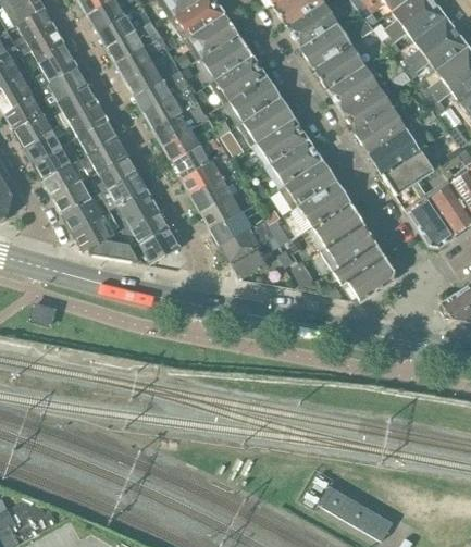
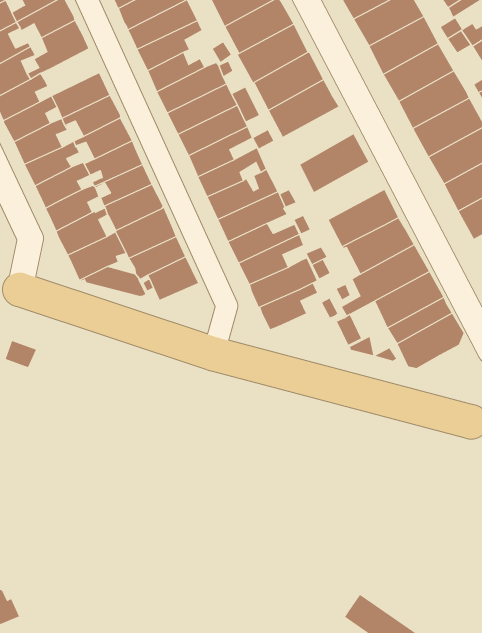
building: [40,65,87,105] -> none
building: [237,96,294,145] -> none
building: [265,138,322,187] -> none

